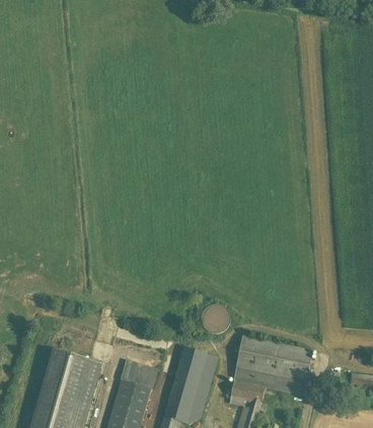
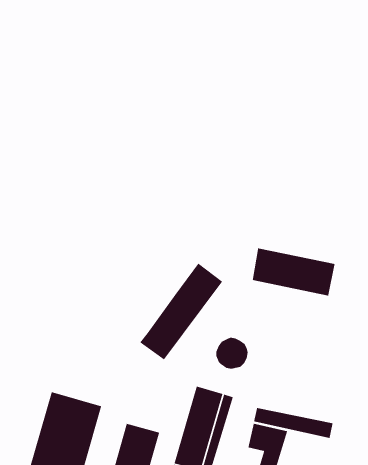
building: none -> [139,262,223,360]
building: [237,337,312,380] -> [252,248,336,296]
building: [121,361,156,388] -> none

